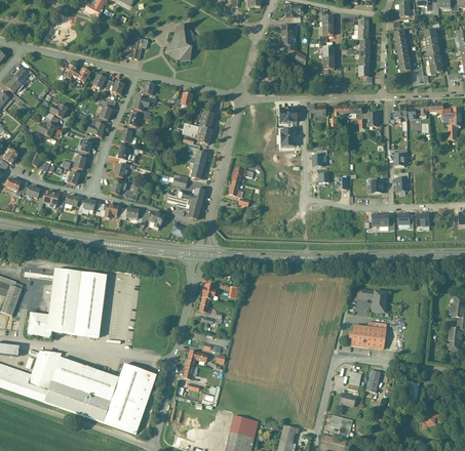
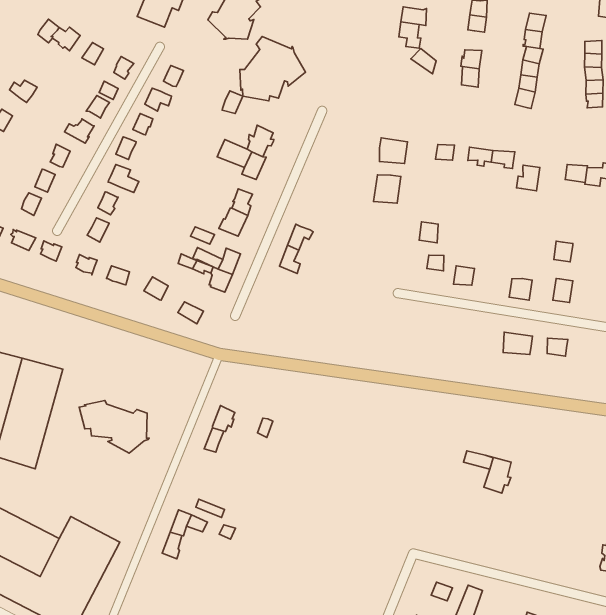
building: none -> [240,36,306,101]
building: none -> [79,401,149,453]
building: [349,321,385,348] -> none

